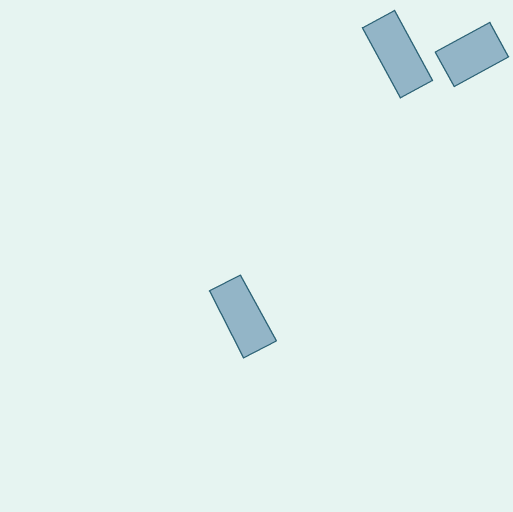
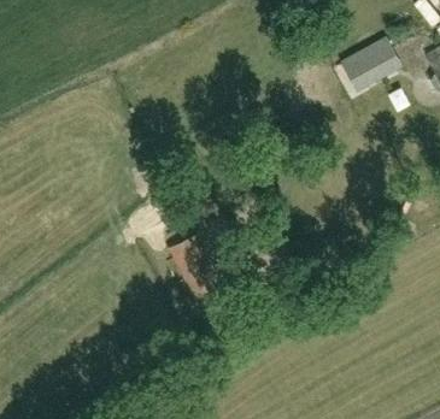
building: [362,10,432,98] -> none

